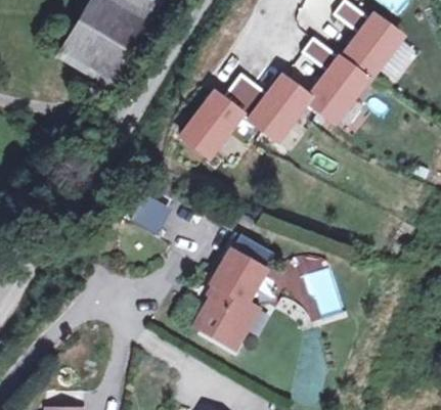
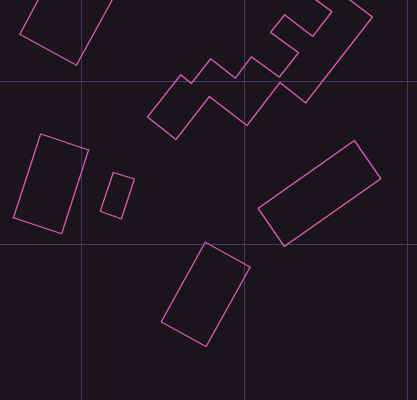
building: none -> [13,134,89,234]
building: none -> [258,141,381,246]

